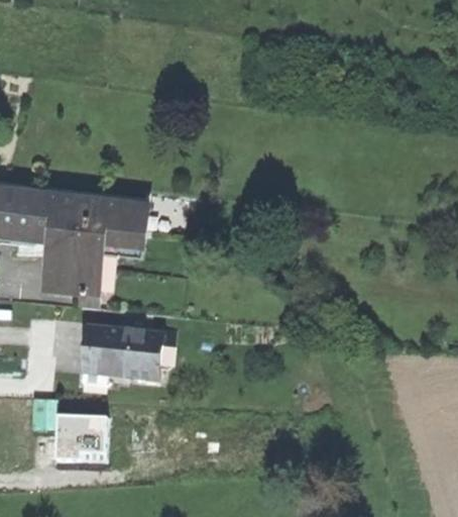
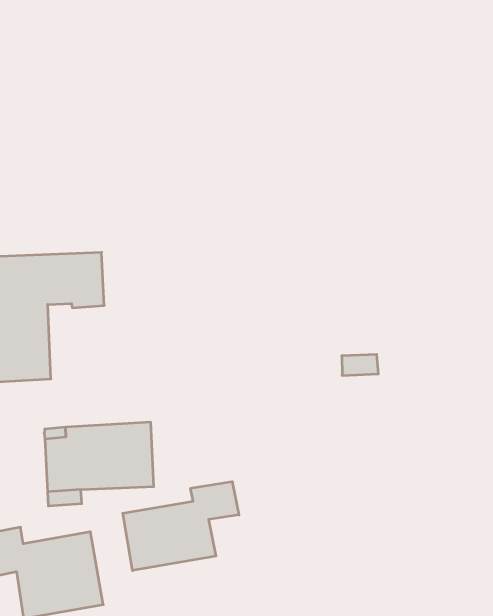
building: none -> [123,482,239,571]

